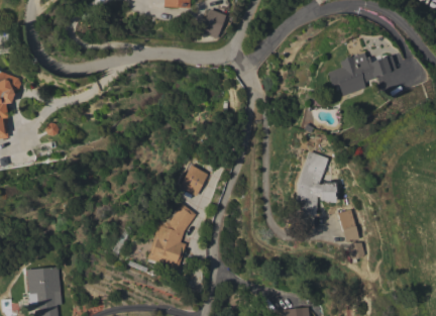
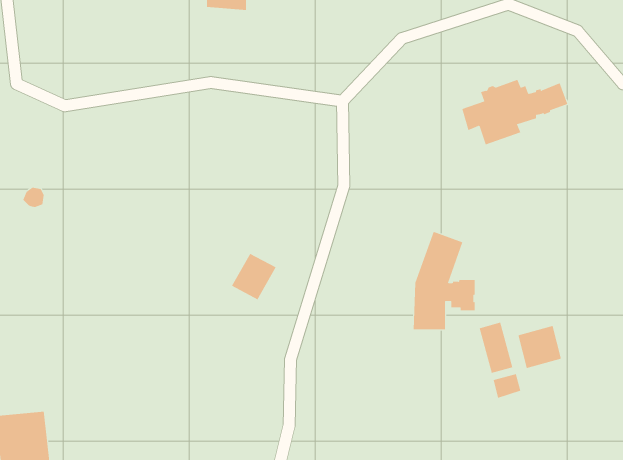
building: [200,8,225,38] -> none
building: [146,203,196,269] -> none
building: none -> [518,325,561,369]

